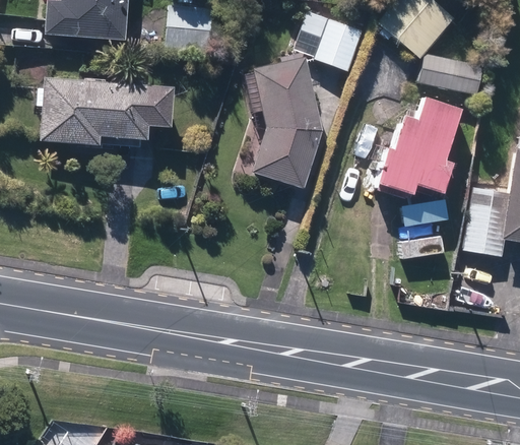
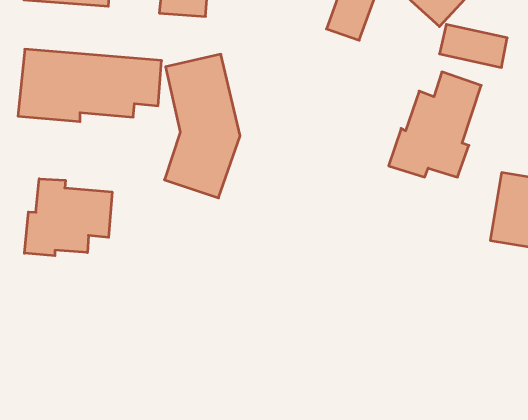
building: [254,58,322,187] -> [164,54,240,198]
building: none -> [24,179,112,256]

